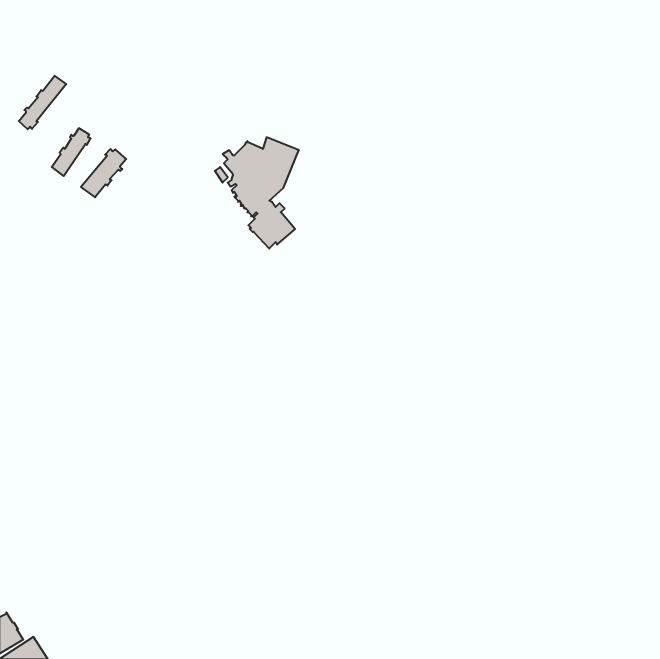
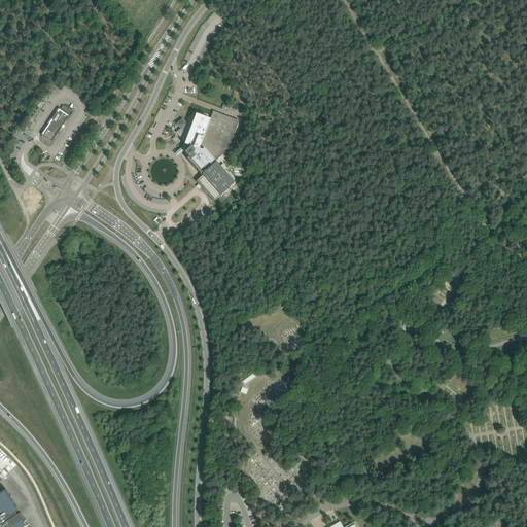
building: [19,76,66,129] -> none
building: [81,149,126,197] -> none

